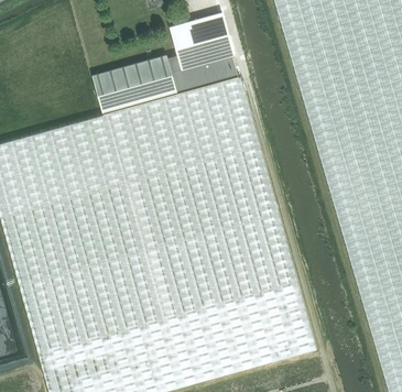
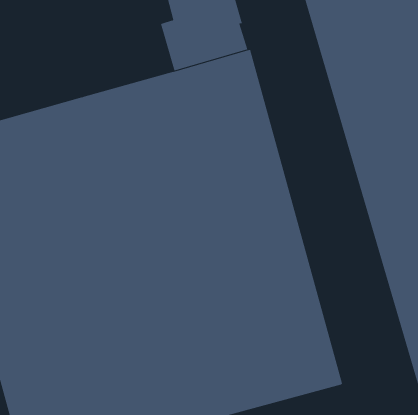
building: [91,55,177,115] -> none

